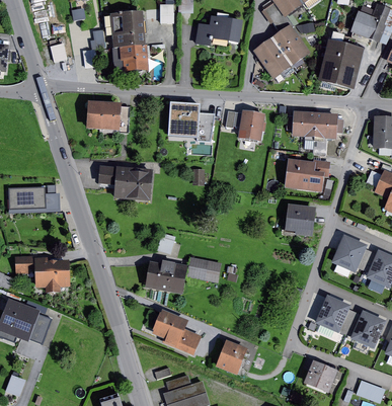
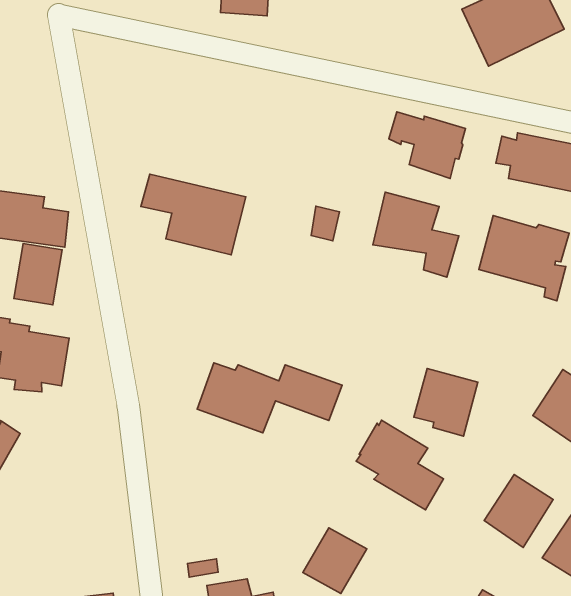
building: [86,100,129,132] -> none
building: [166,101,212,142] -> [373,192,459,277]
building: [285,204,316,237] -> [414,368,478,436]
building: none -> [14,244,62,305]
building: [152,310,201,354] -> [356,420,444,510]

